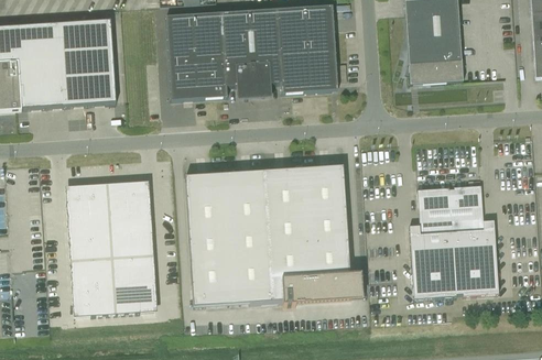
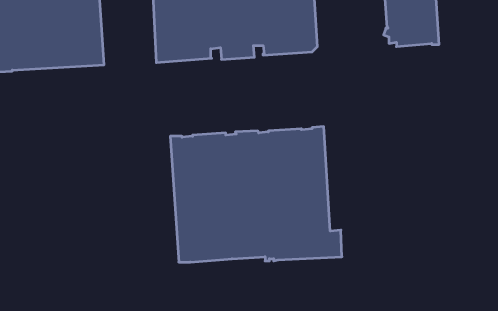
building: [67,181,156,314] -> none
building: [409,184,498,297] -> none

